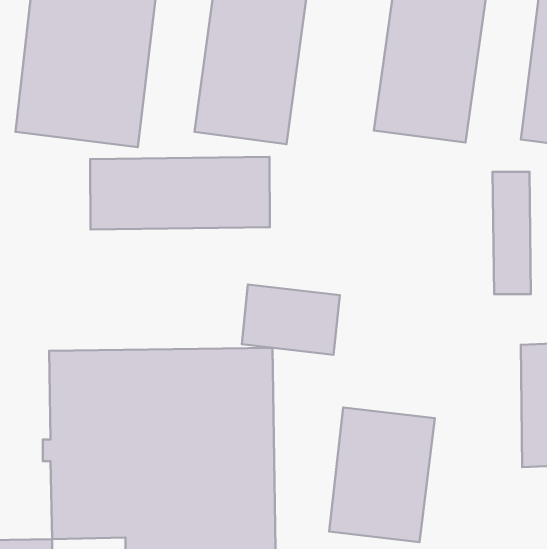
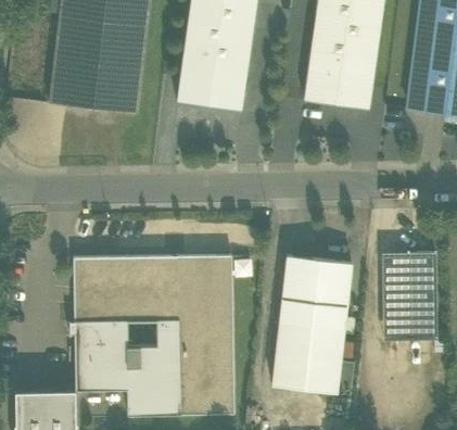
building: [90,157,270,230] -> none
building: [493,172,531,294] -> [382,253,409,340]
building: [242,284,340,355] -> [282,255,352,305]

